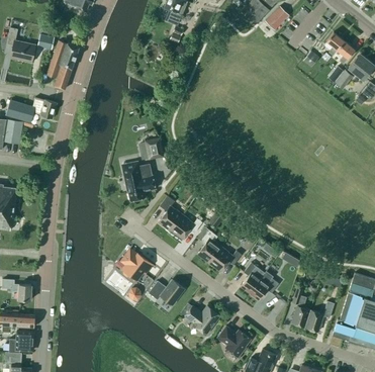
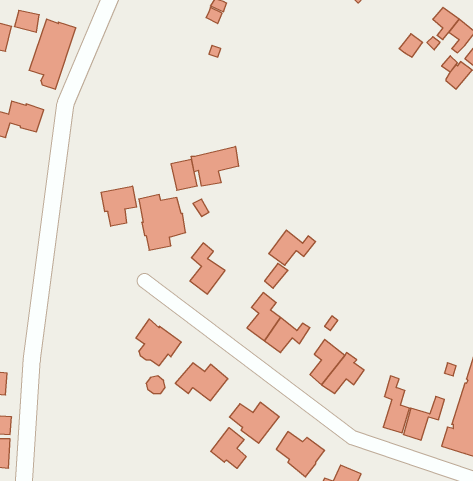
building: none -> [191,146,239,186]
building: none -> [101,186,137,226]
building: [170,214,202,239] -> [269,230,316,265]
building: none -> [211,428,246,468]

